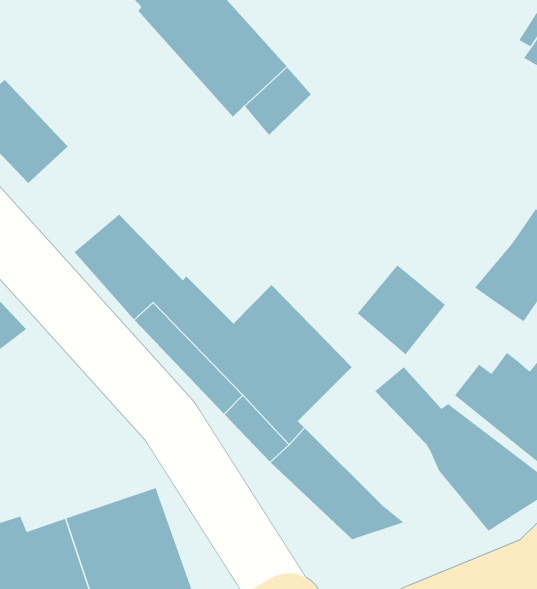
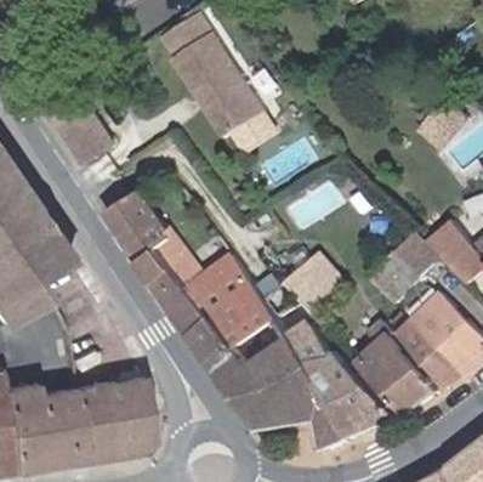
building: none -> [235,316,350,449]

